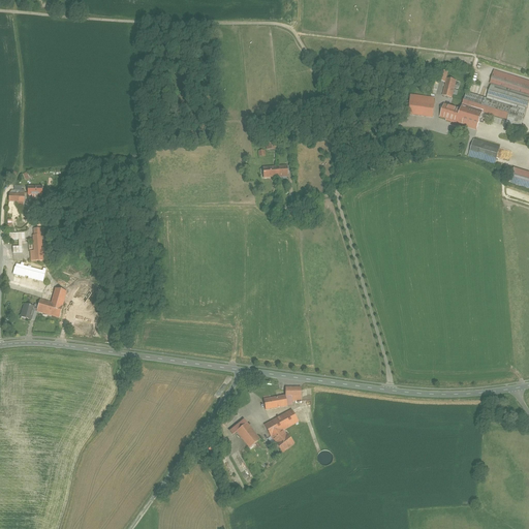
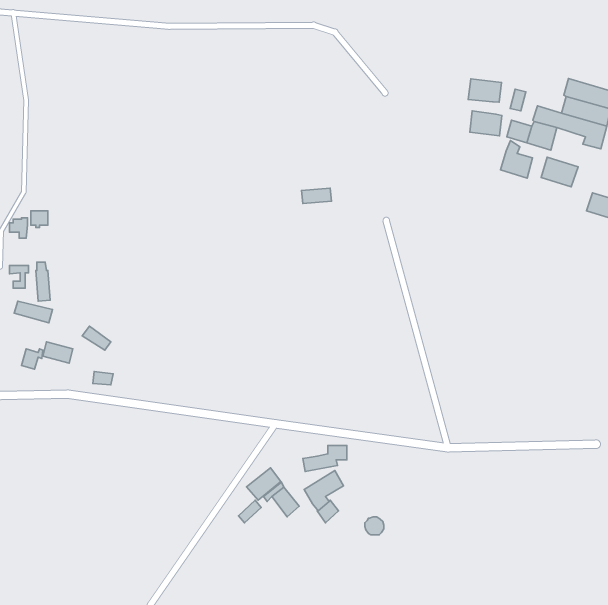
building: none -> [468,79,501,102]
building: none -> [501,141,533,178]
building: none -> [247,468,281,500]

